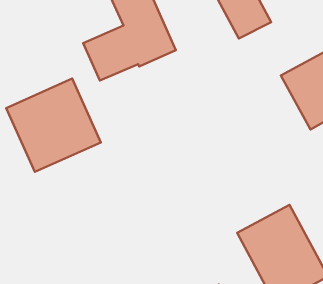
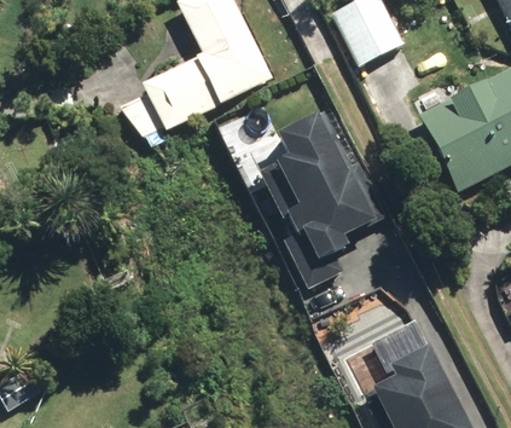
building: none -> [254,114,382,256]
building: [6,79,101,172] -> none

